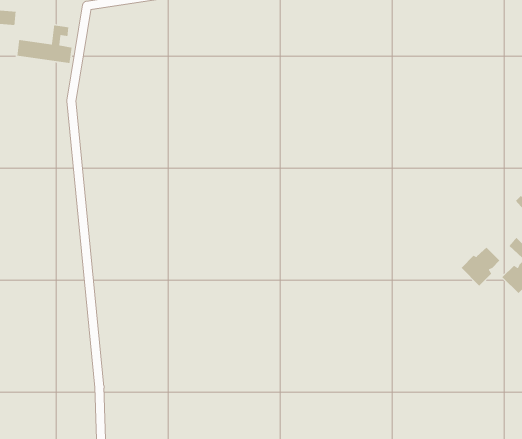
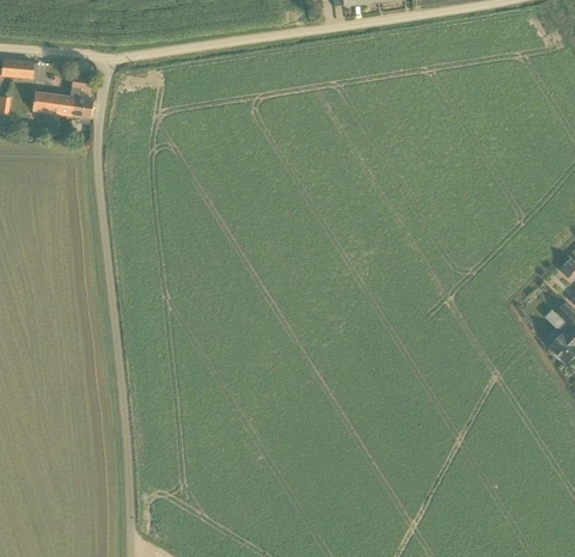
building: [461,247,500,286] -> none

